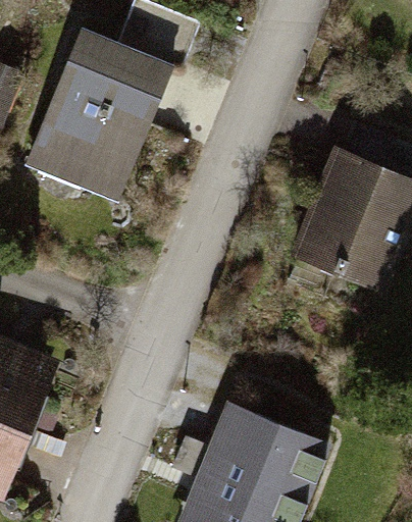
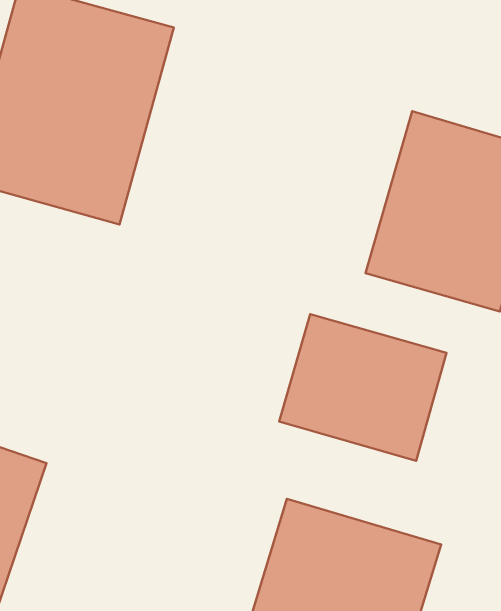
building: none -> [279,314,446,461]

